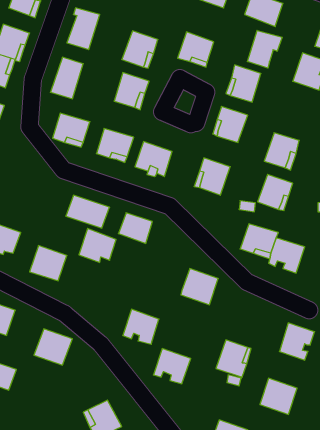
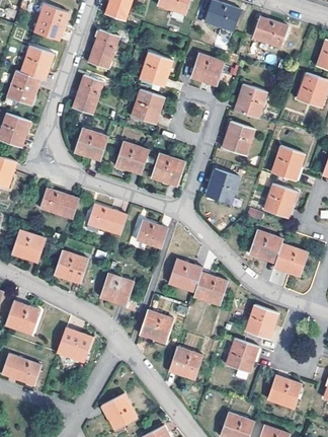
building: [247,30,282,68] -> none
building: none -> [39,188,79,219]
building: [79,228,116,262] -> [99,272,134,303]
building: none -> [168,259,203,292]
building: [279,323,315,360] -> [246,304,278,339]

